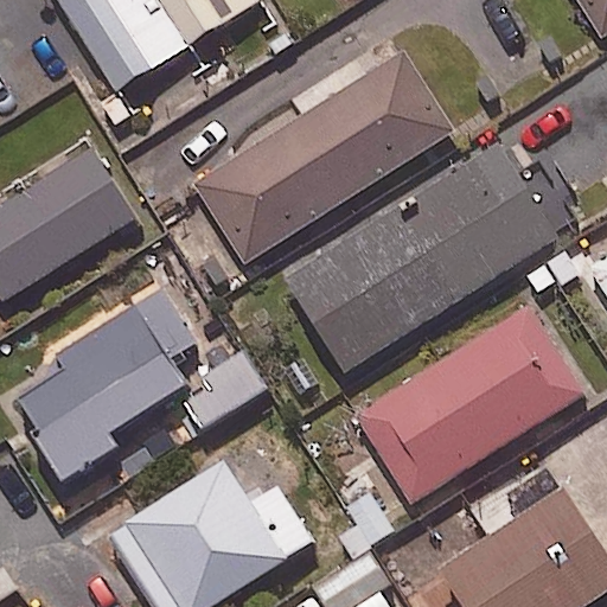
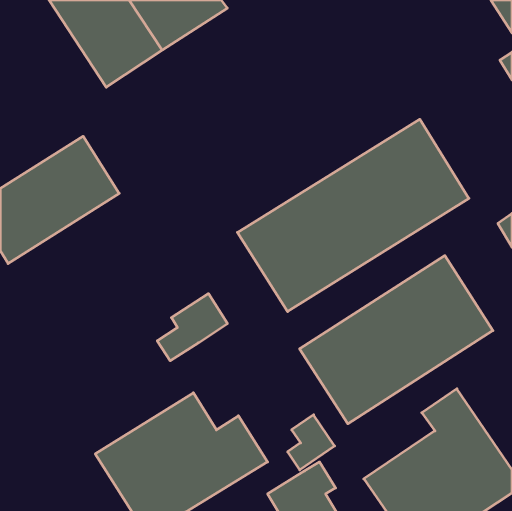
building: [193,51,452,262] -> none
building: [20,282,202,472] -> none

